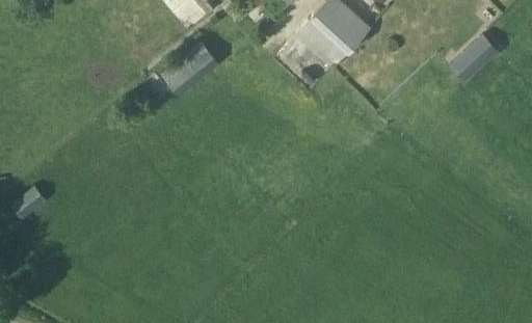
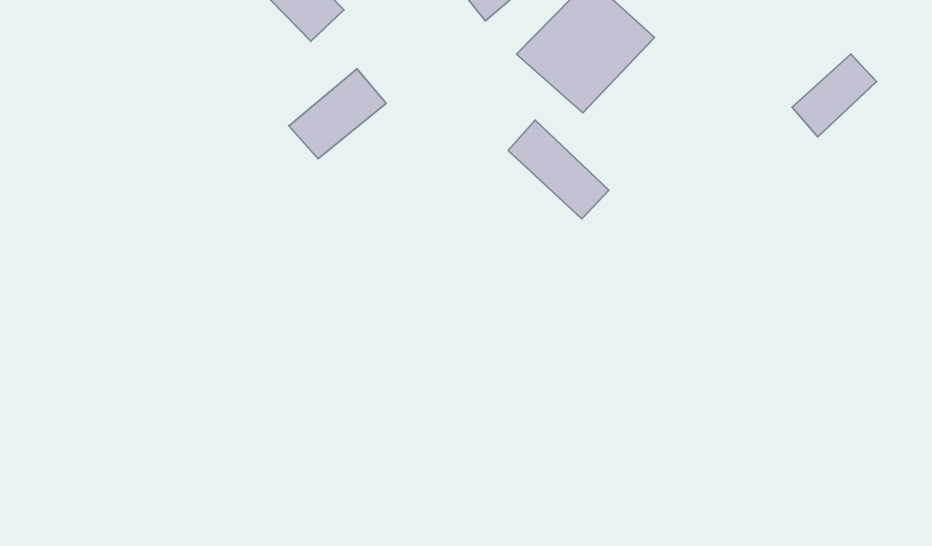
building: none -> [508,120,609,219]
building: [10,186,46,220] -> none

